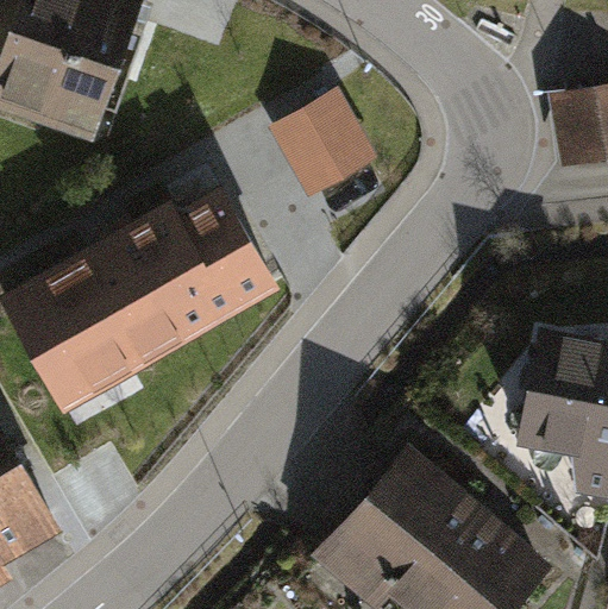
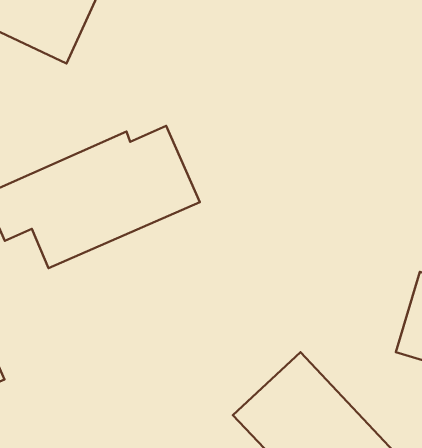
building: [274,98,376,199] -> none

